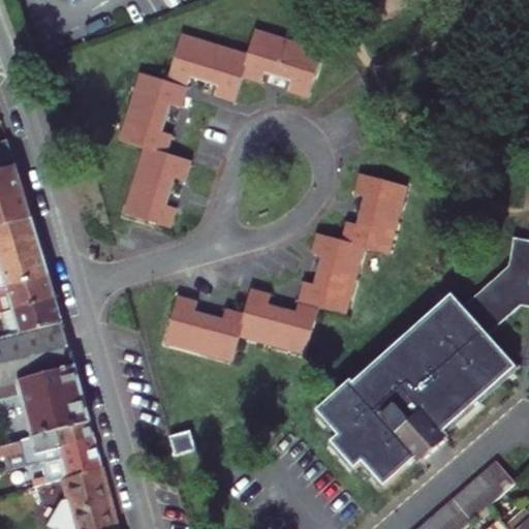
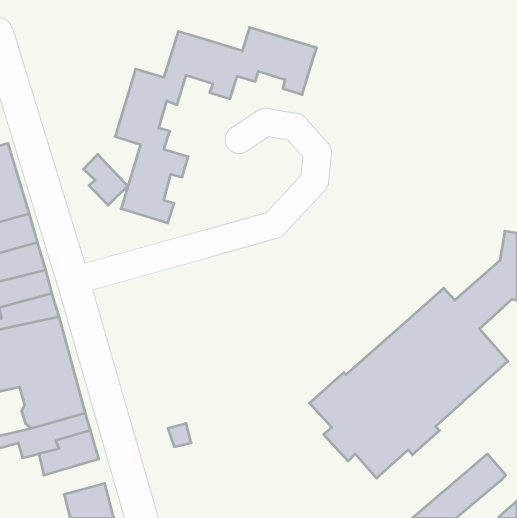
building: none -> [83,154,128,205]
building: [162,172,407,362] -> none
building: [58,466,106,502] -> none

